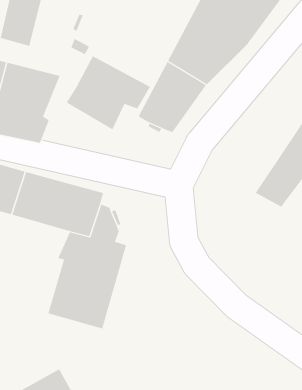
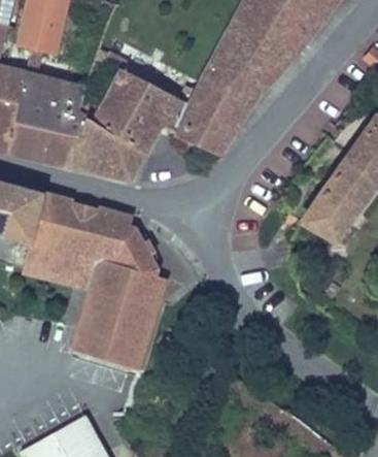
building: none -> [66,94,145,177]
building: none -> [25,244,97,293]

